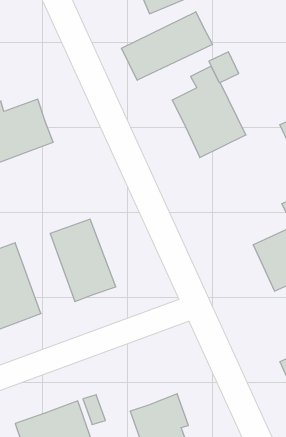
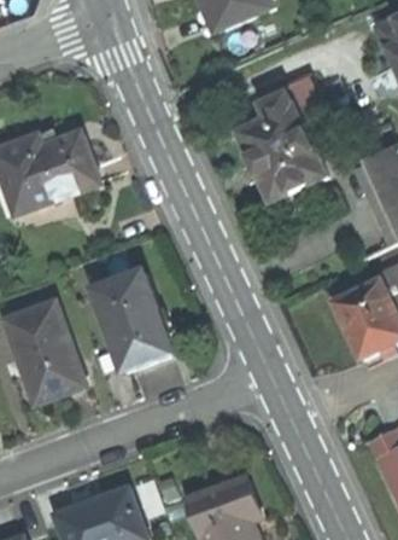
building: [121,12,212,80] -> none

